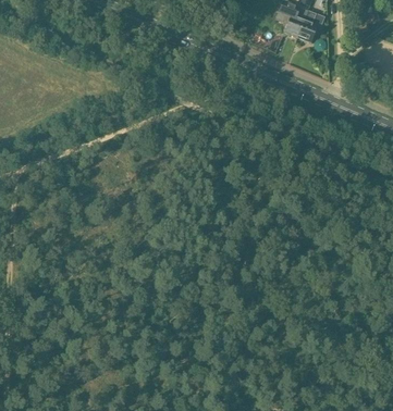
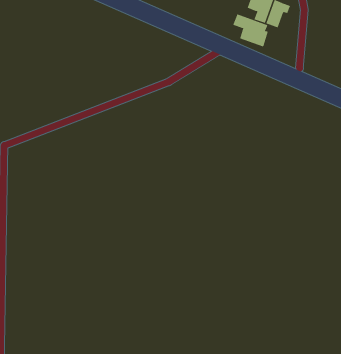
building: none -> [233,14,268,47]

